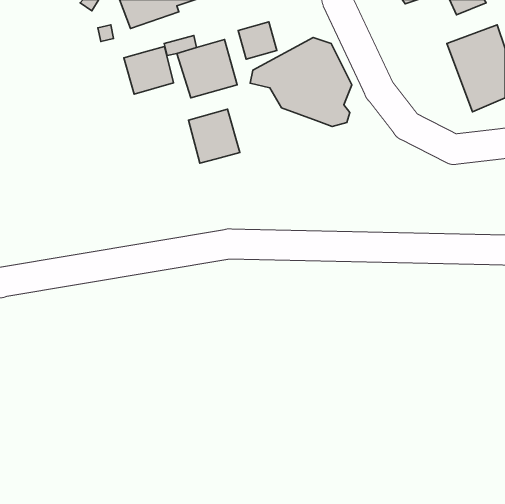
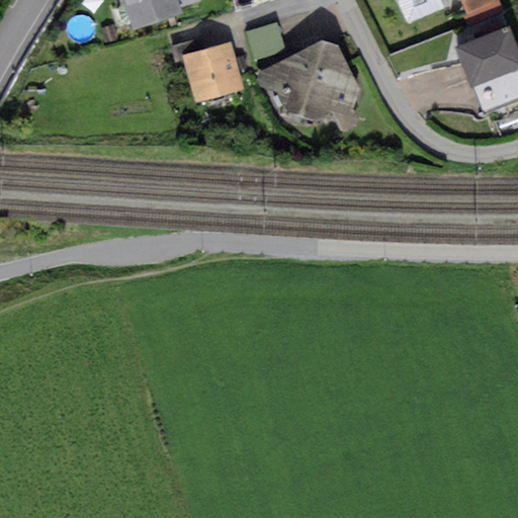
building: [124,47,174,94] -> none
building: [189,109,240,163] -> none

